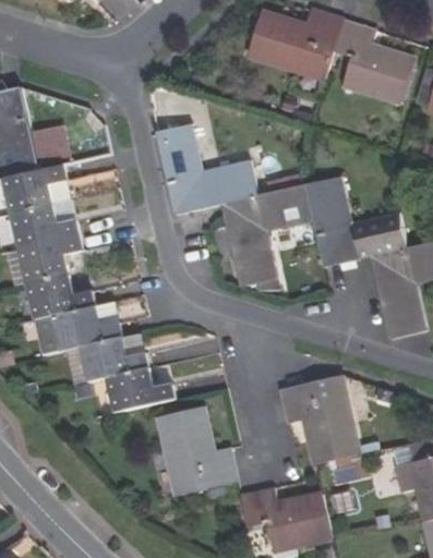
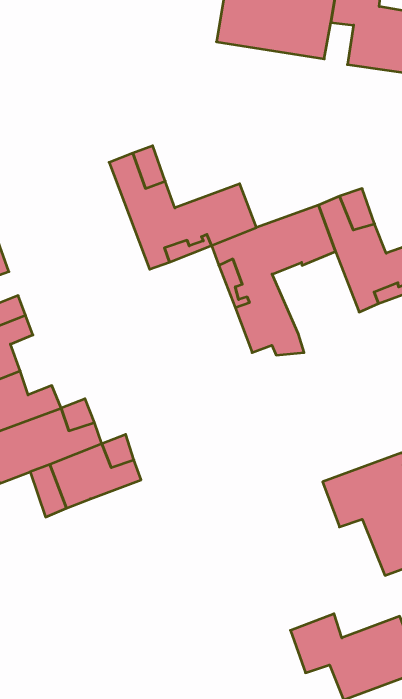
building: [108,367,175,411] -> none
building: [160,407,238,496] -> none

